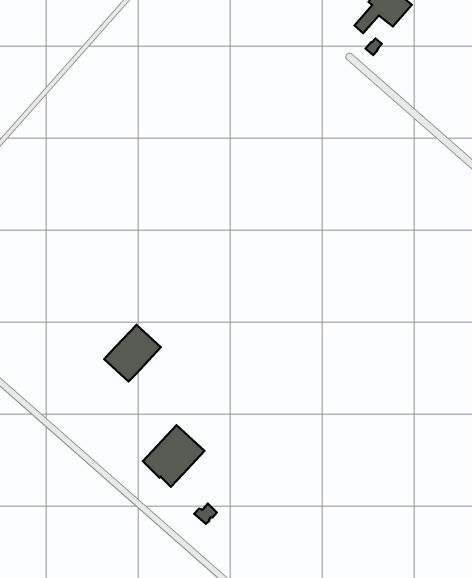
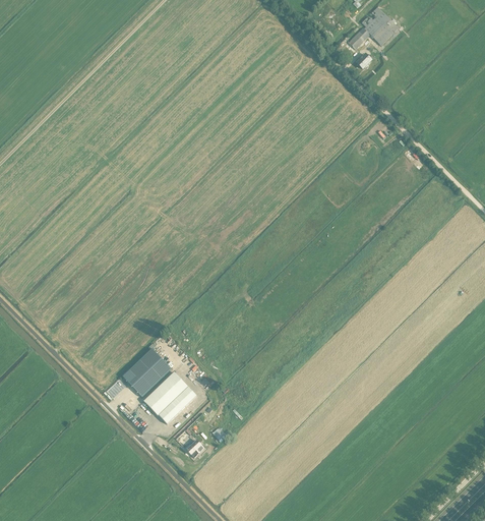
building: [104,325,161,382] -> [122,348,171,396]

